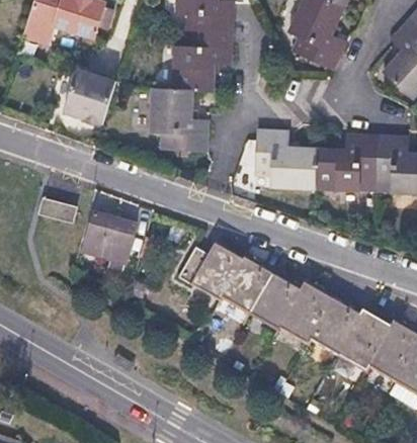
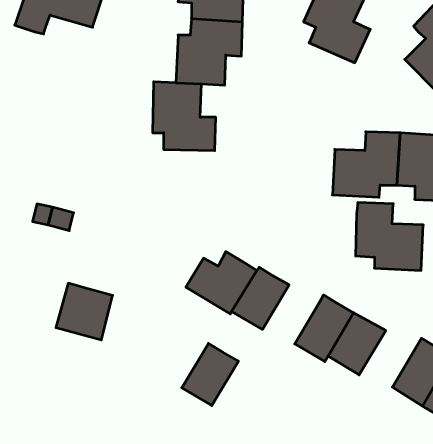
building: [63,66,116,126] -> none
building: [254,128,316,190] -> [356,203,423,270]
building: [85,211,137,263] -> [56,283,113,340]
building: [250,272,302,329] -> [182,343,238,406]
building: [338,309,392,371] -> none

